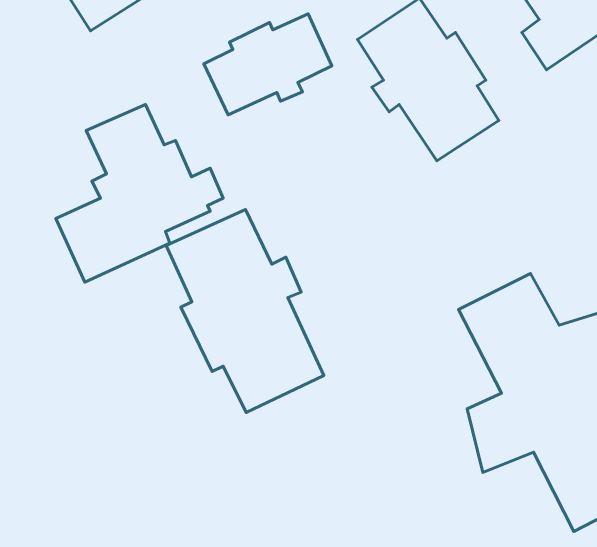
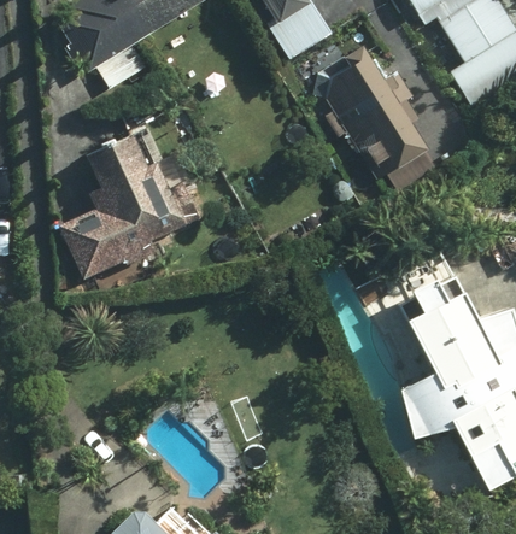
building: [204,14,332,115] -> none
building: [166,209,324,413] -> none

